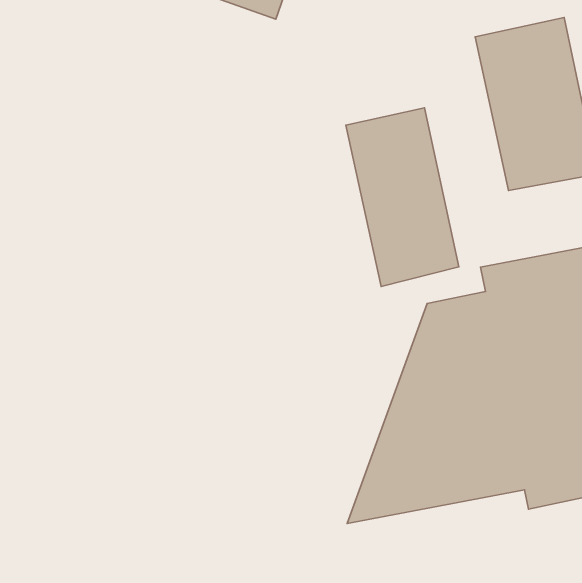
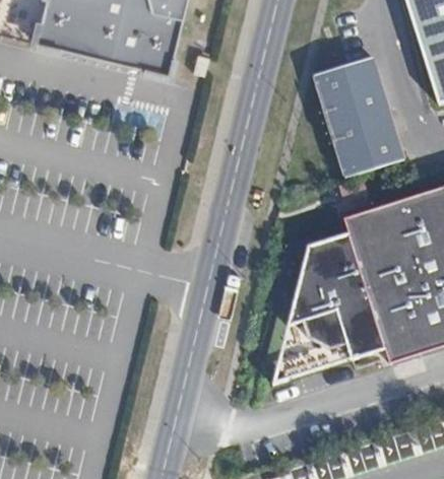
building: [346,108,459,287] -> none

